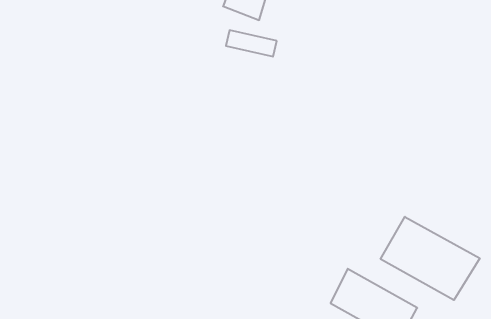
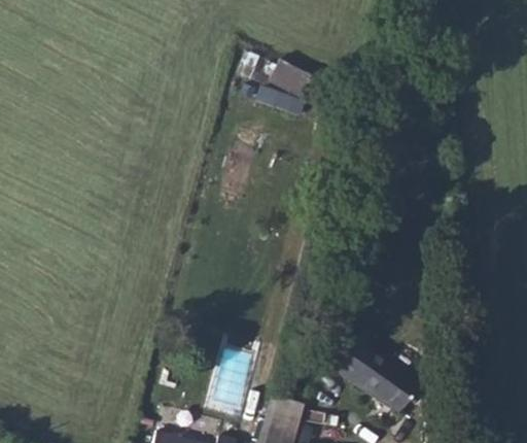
building: [381,217,480,300] -> none

